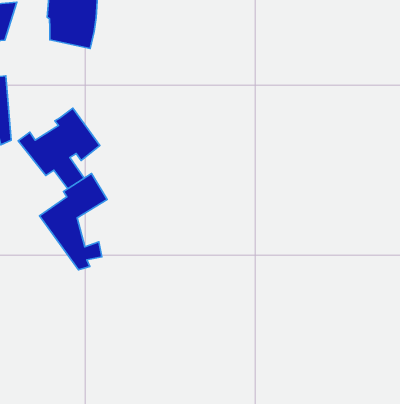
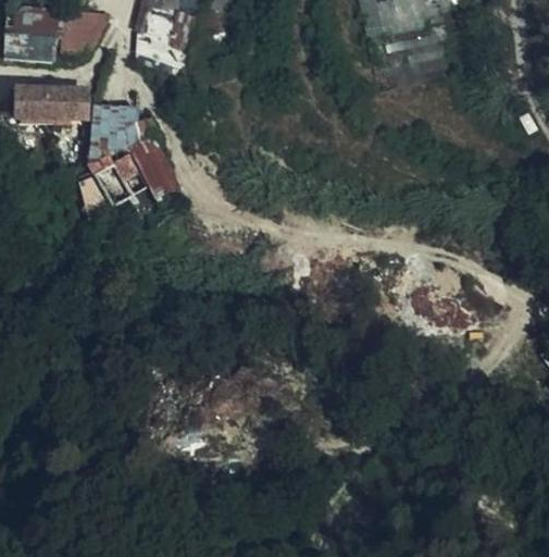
building: none -> [87,103,135,165]
building: [40,173,107,270] -> none

